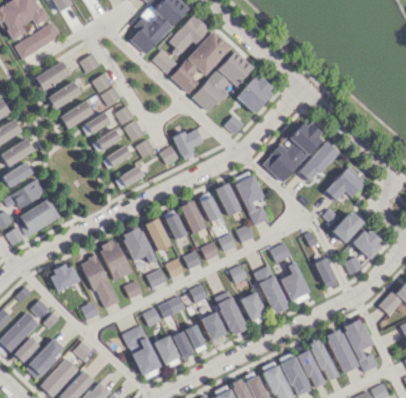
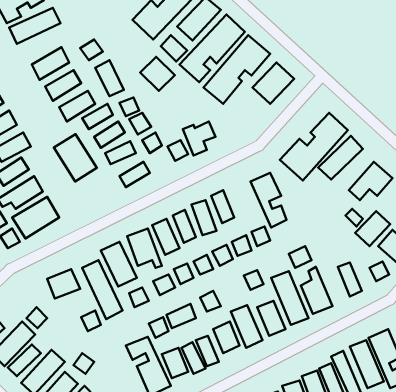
building: none -> [140,57,175,91]
building: none -> [54,134,97,181]
building: [215,183,240,216] -> none

